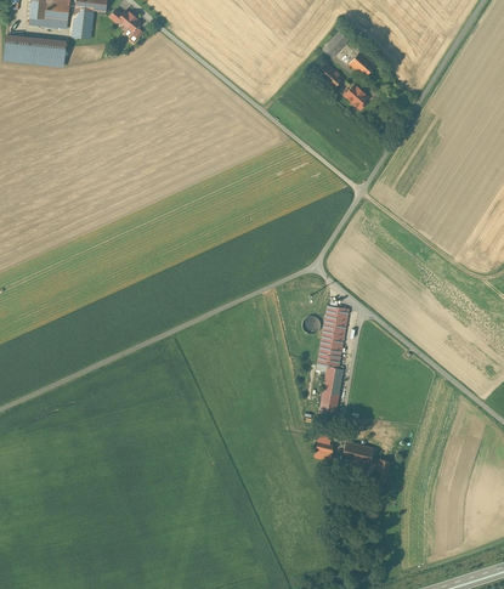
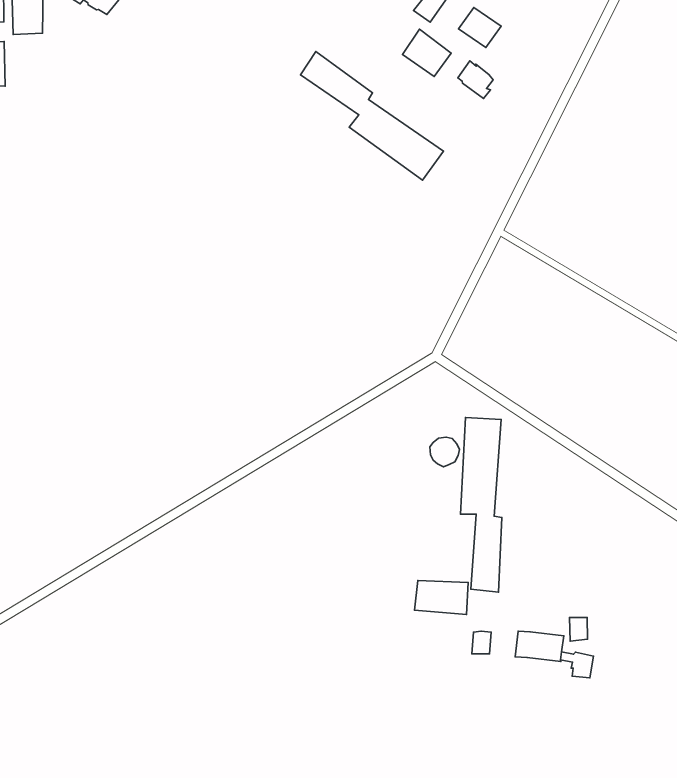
building: none -> [301,51,443,180]
building: none -> [415,580,468,615]

